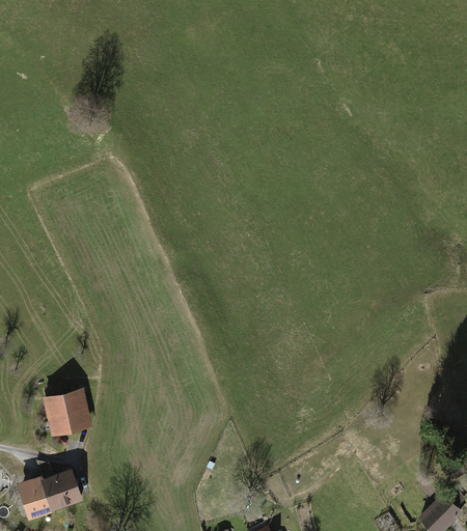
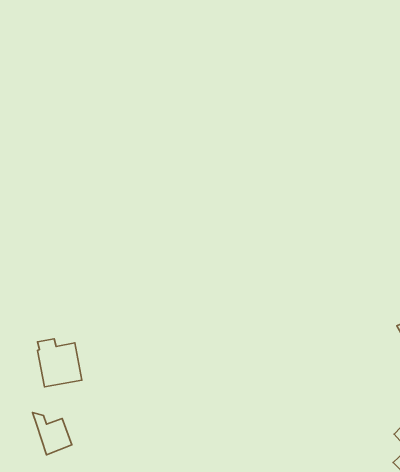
building: [18,477,53,518] -> none

